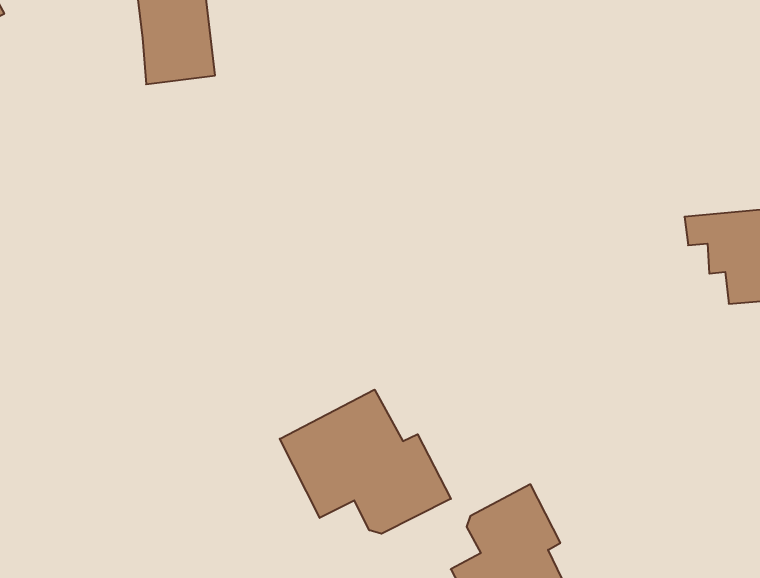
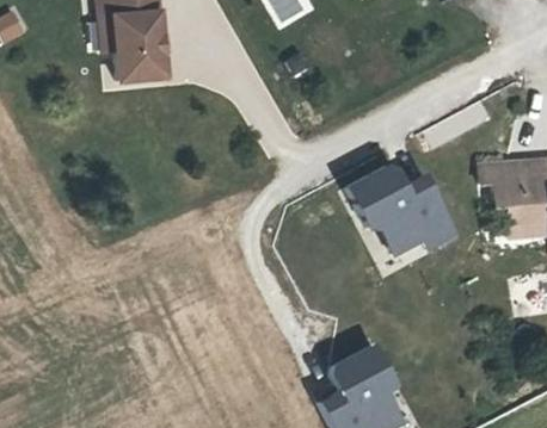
building: none -> [351,170,454,258]
building: [280,390,451,534] -> none

